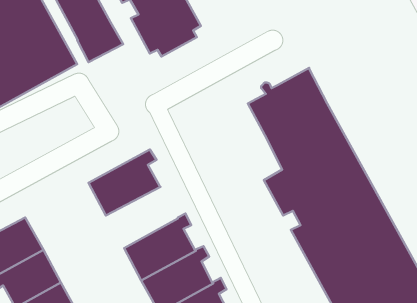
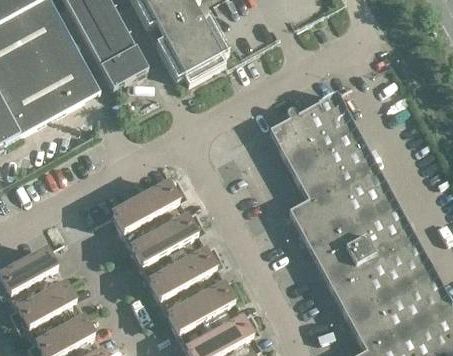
building: none -> [127,211,202,281]

